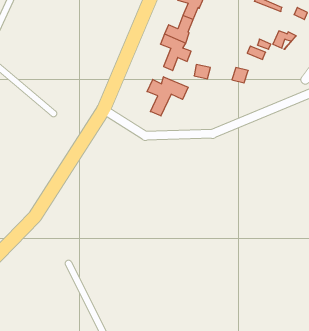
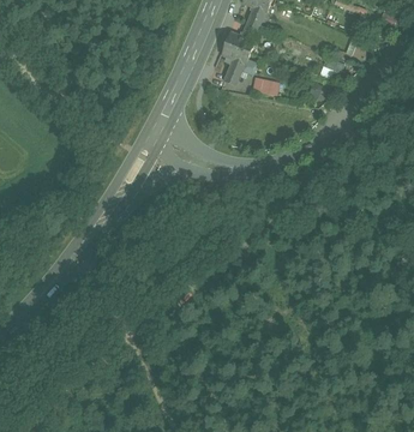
building: [147,77,188,116] -> none

